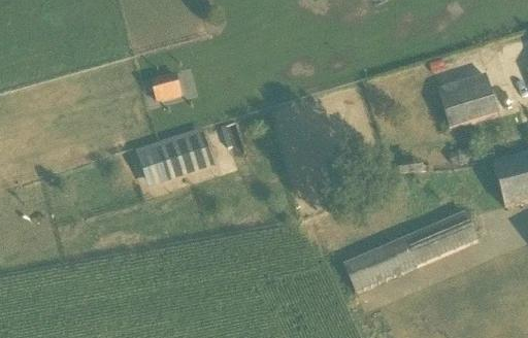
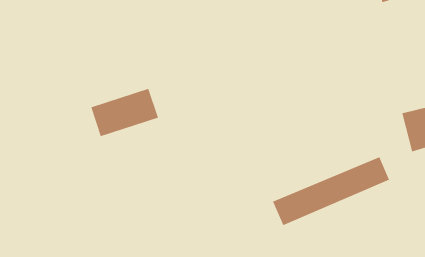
building: [151,71,184,101] -> none
building: [437,72,498,127] -> none

